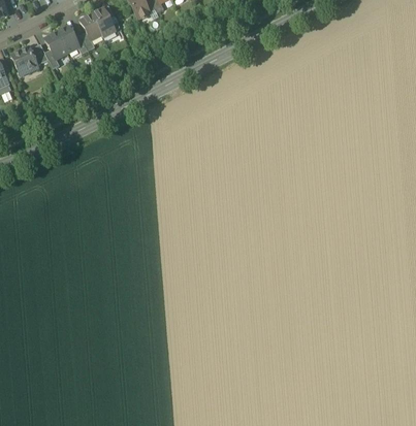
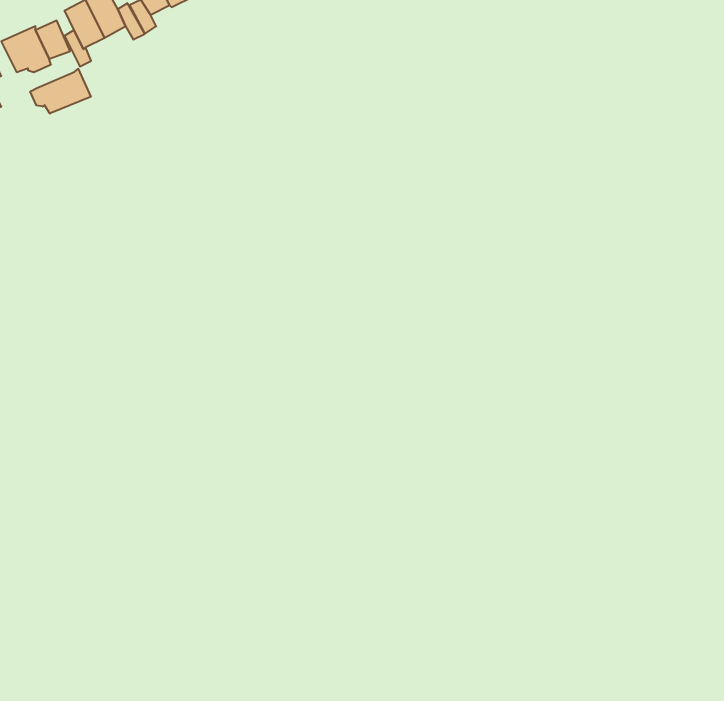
building: none -> [30,69,91,114]

